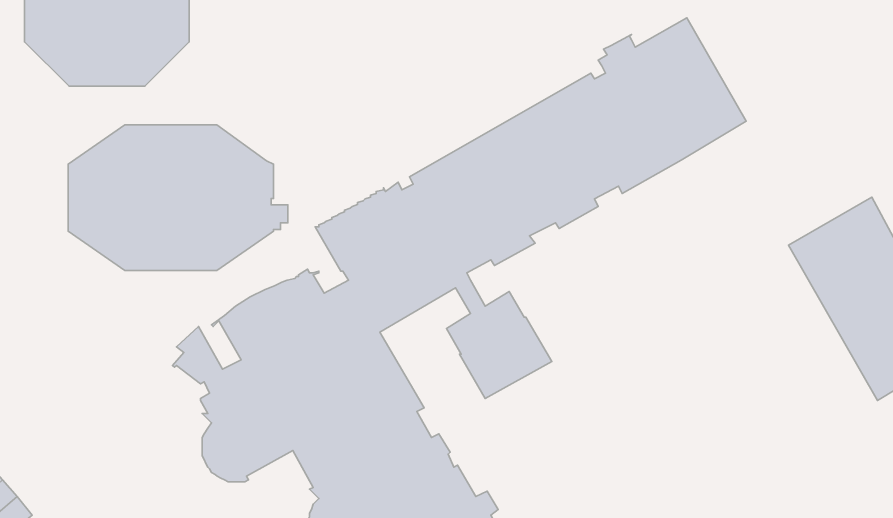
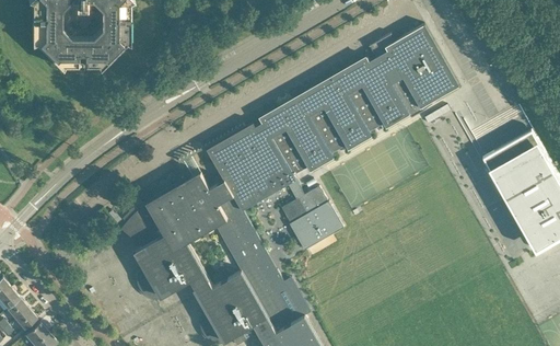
building: [68,125,288,270] -> none

